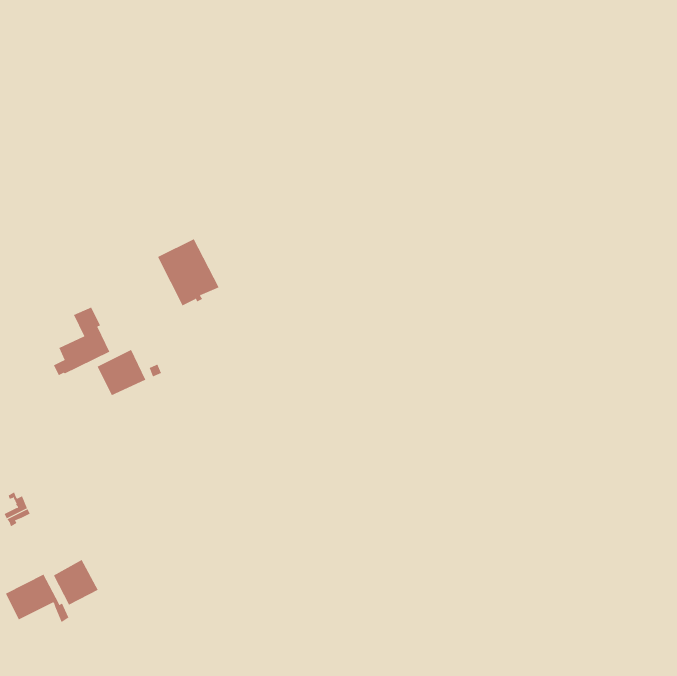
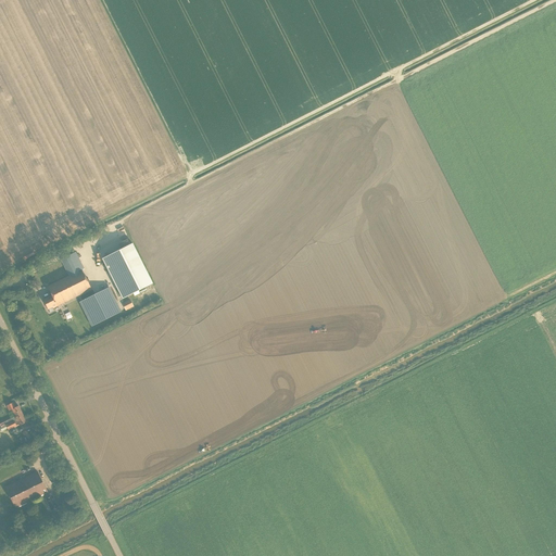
building: [157,238,219,306] -> [101,242,152,298]
building: [53,559,98,605] -> none

